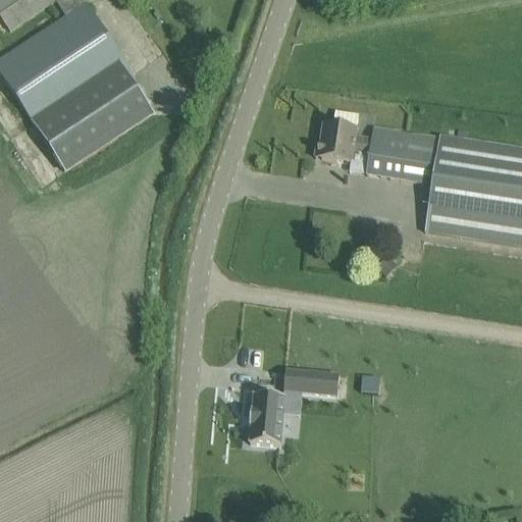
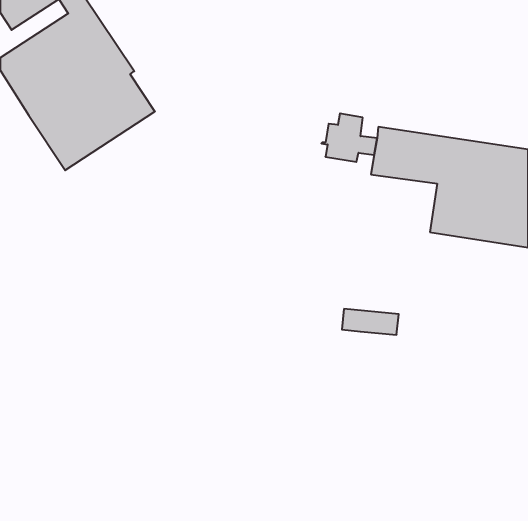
building: [284,368,341,394] -> [342,309,399,335]
building: [250,392,285,445] -> none

